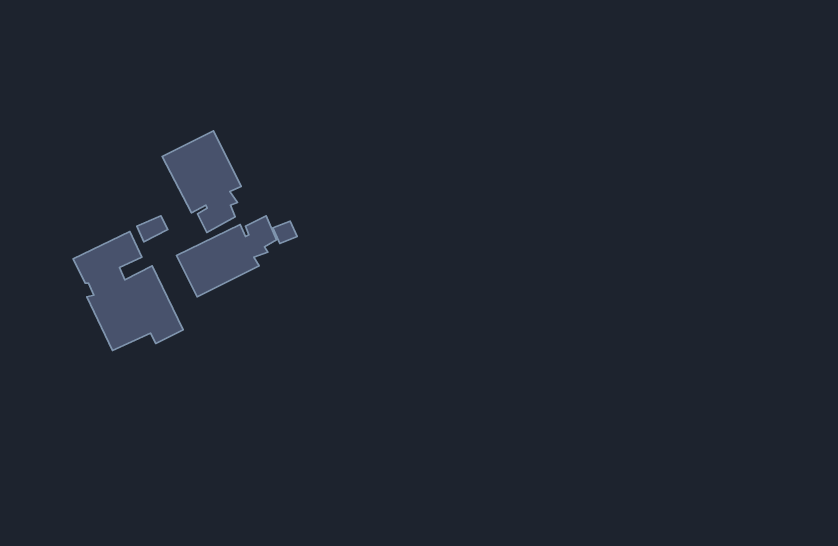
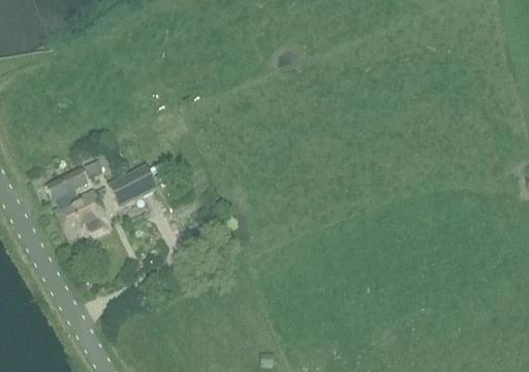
building: [162,131,241,233] -> none

